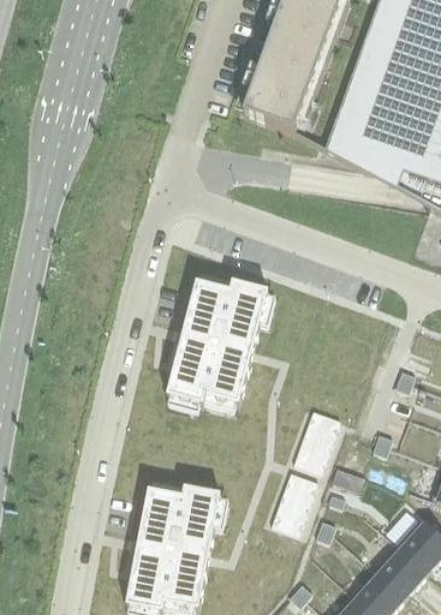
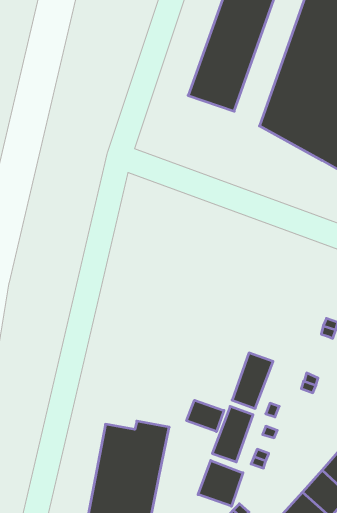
building: [167,281,268,405] -> none
building: none -> [187,400,224,432]
building: none -> [198,460,243,506]

